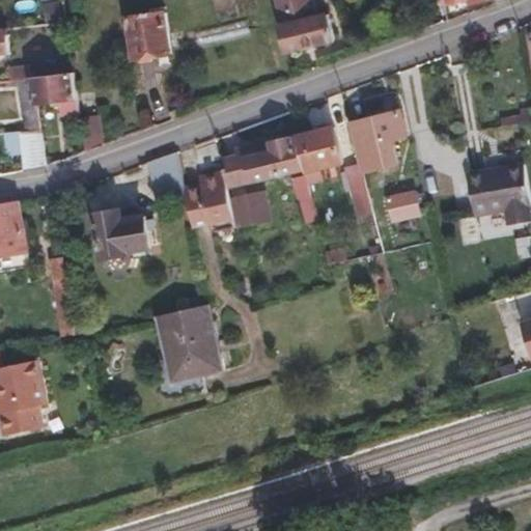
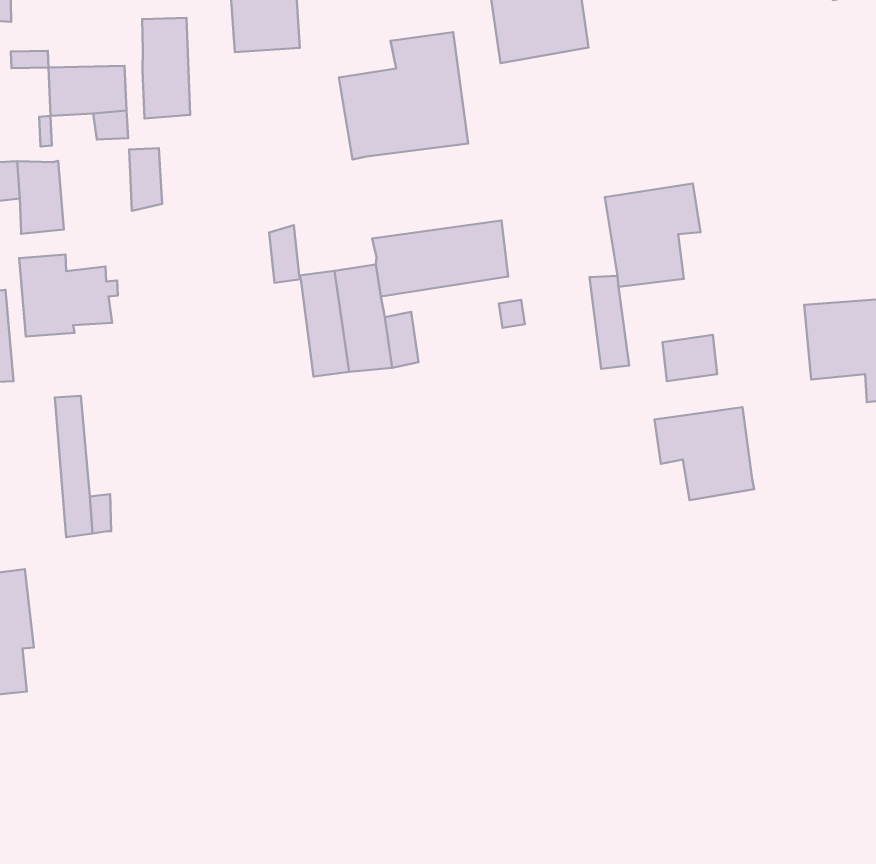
building: none -> [339,32,468,159]
building: none -> [142,18,190,119]
building: [295,128,339,181] -> none
building: [94,209,151,257] -> [19,254,118,336]
building: none -> [655,407,754,500]
building: [152,304,218,398] -> none

